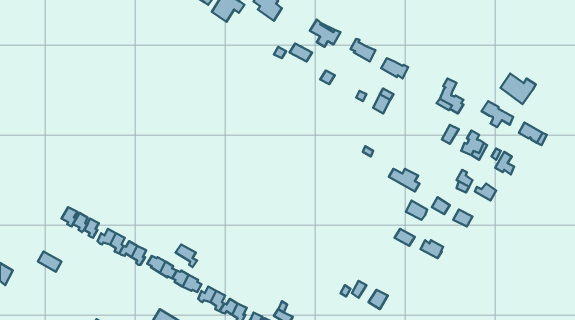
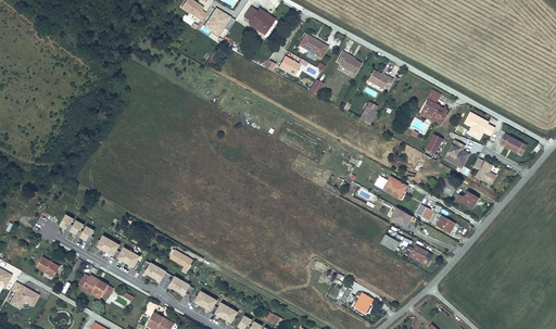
building: [500,73,536,104] -> none
building: none -> [79,274,114,299]
building: none -> [10,281,40,308]

